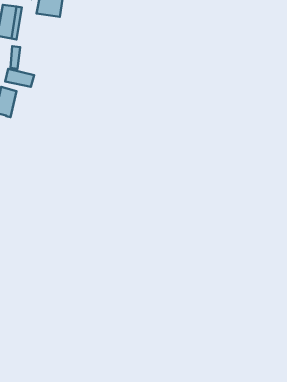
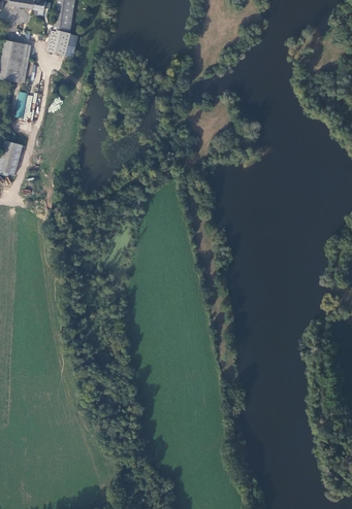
building: [5,69,34,87] -> none

